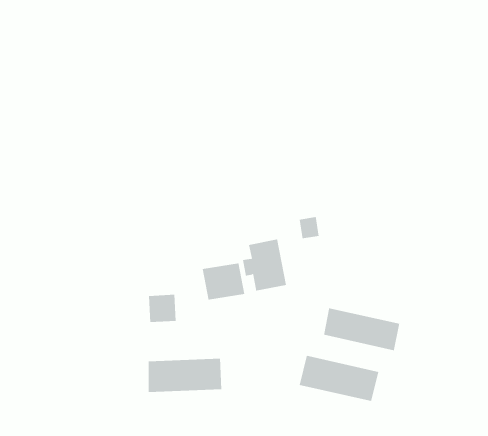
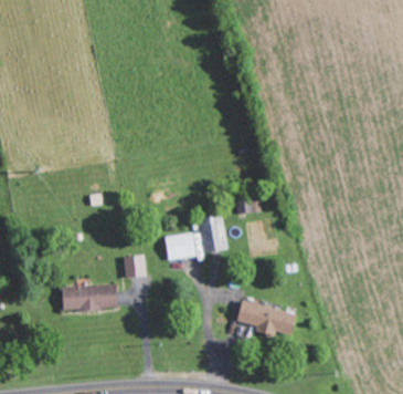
building: [323,307,400,351] -> none
building: [148,358,222,393] -> [62,286,117,311]

